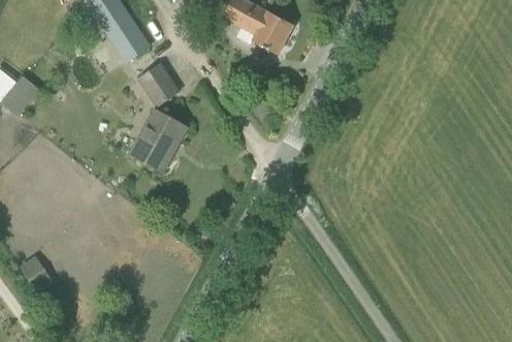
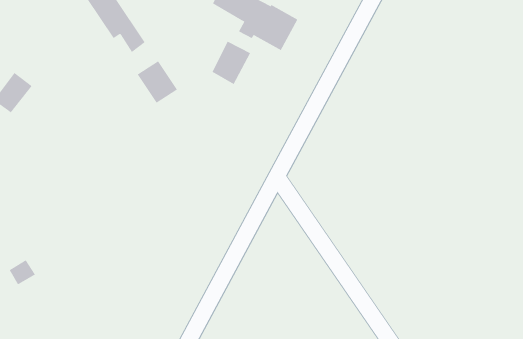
building: none -> [212,41,251,85]
building: [131,110,186,170] -> none

